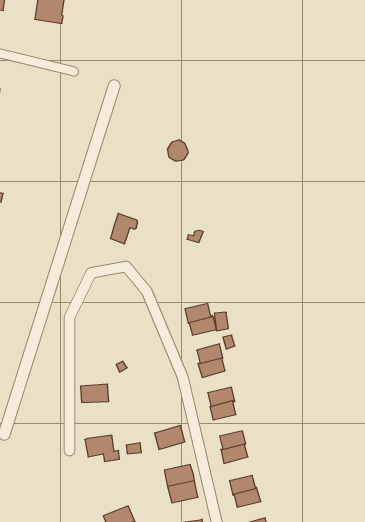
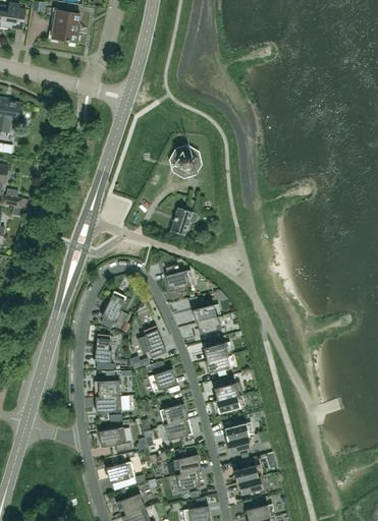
building: [110,213,138,244] -> [171,208,197,236]
building: none -> [166,265,195,291]
building: none -> [102,291,128,327]
building: none -> [138,326,167,358]
building: none -> [95,334,112,364]
building: none -> [149,368,178,392]
building: none -> [96,396,122,413]
building: none -> [160,404,188,425]
building: none -> [106,462,134,483]

